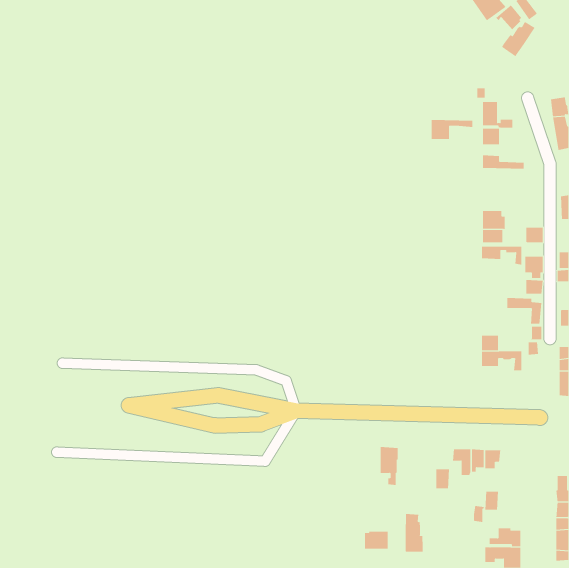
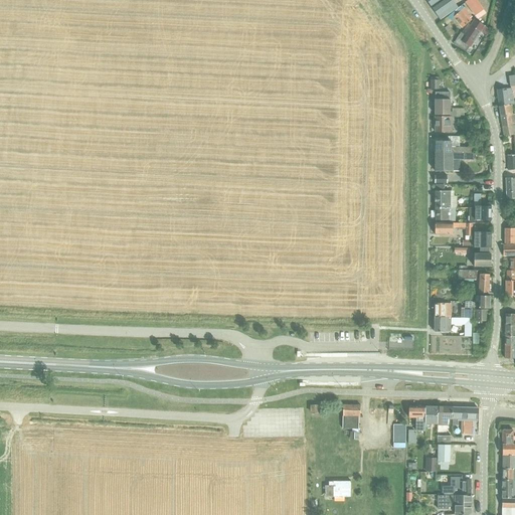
building: [431,120,473,140] -> [436,152,474,170]
building: none -> [452,406,478,434]
building: [405,513,423,552] -> none

